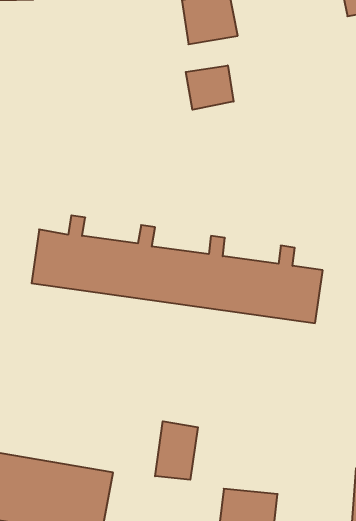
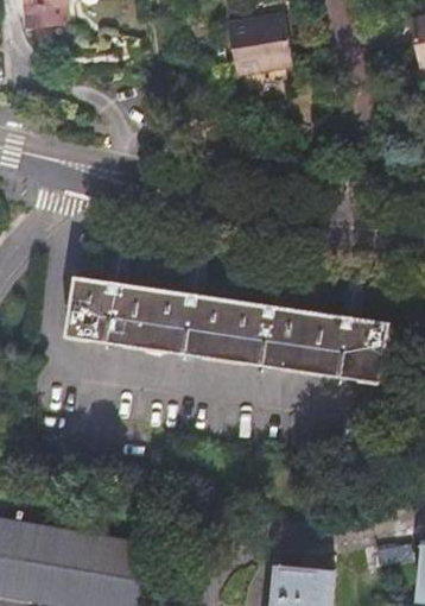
building: [186,65,234,110] -> none
building: [155,421,198,480] -> none

